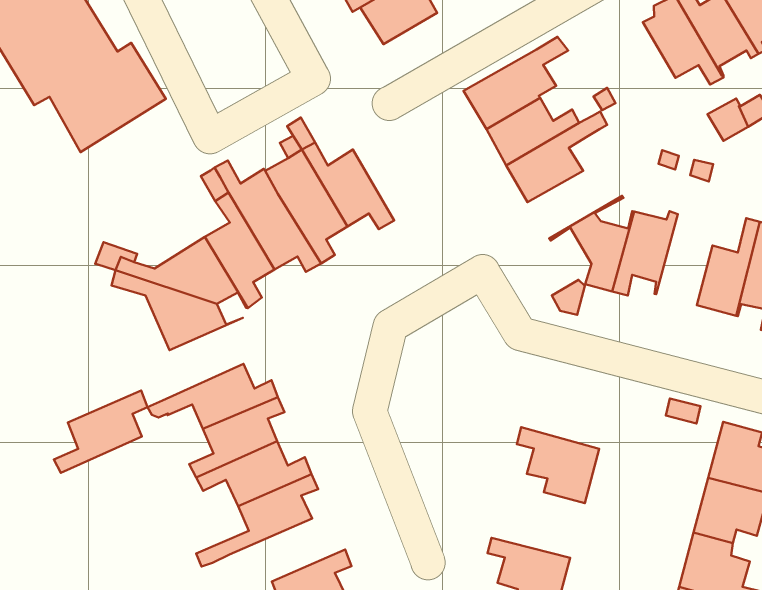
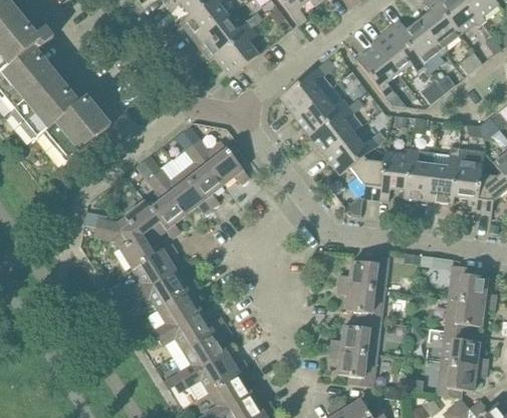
building: none -> [356,42,399,97]
building: none -> [324,130,386,173]
building: none -> [405,149,434,199]
building: none -> [338,252,389,288]
building: [54,390,148,473] -> [128,242,177,295]
building: none -> [330,318,381,353]
building: none -> [174,351,248,391]

